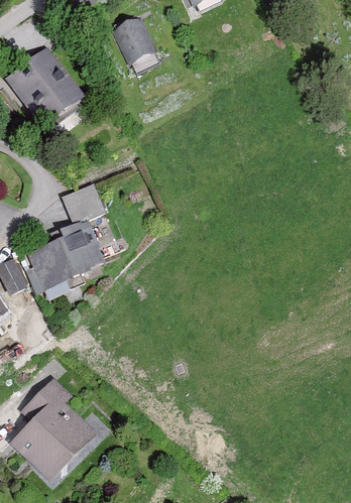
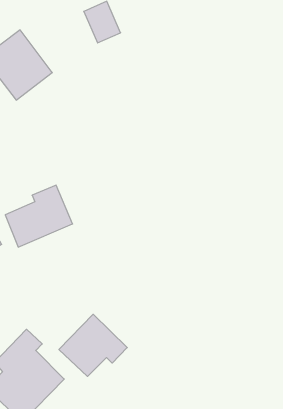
building: [63,185,102,222] -> none
building: none -> [59,314,127,376]

